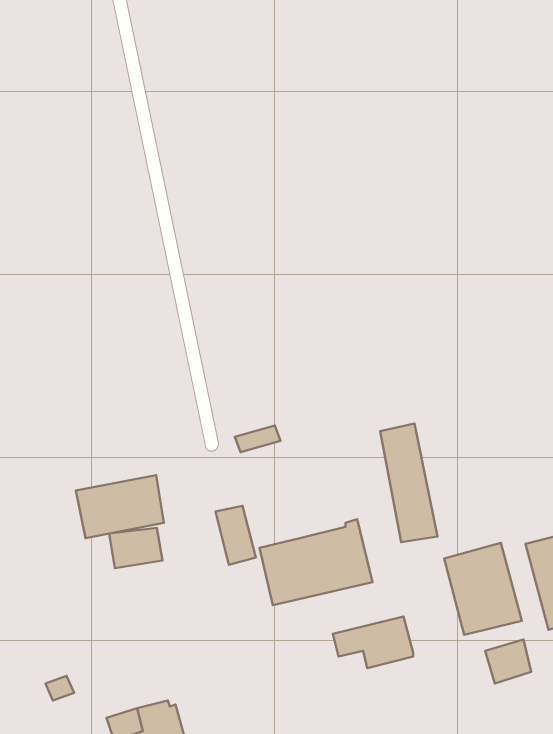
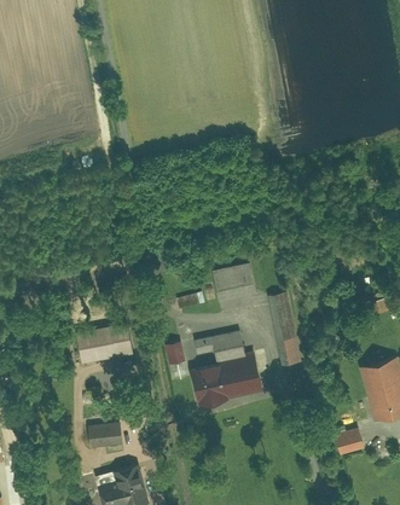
building: none -> [211,263,256,301]
building: [109,528,163,568] -> [87,423,121,448]
building: [444,543,522,635] -> none
building: [333,617,413,668] -> [195,331,245,364]

